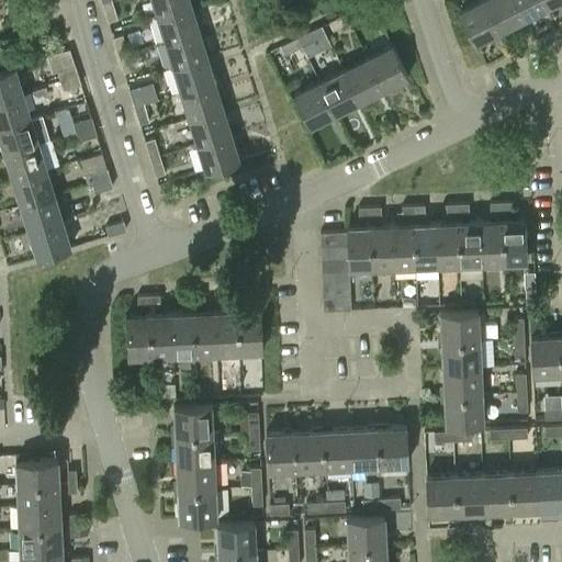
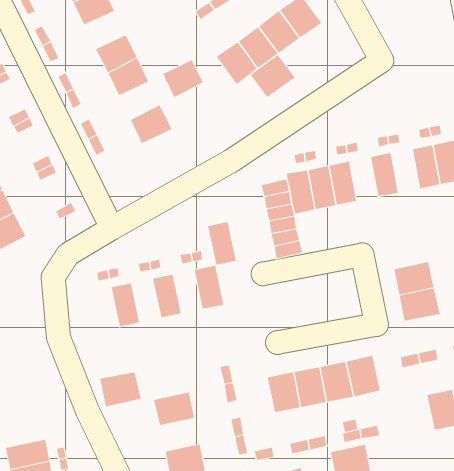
building: [166,35,207,71] -> none
building: none -> [250,54,295,98]
building: [190,113,231,149] -> [162,59,203,98]
building: [459,225,482,268] -> none
building: [415,226,438,269] -> none
building: [216,313,240,356] -> [207,221,236,265]
building: [441,314,480,345] -> none
building: [172,315,196,358] -> none
building: [127,317,153,360] -> none
building: [445,398,484,428] -> none
building: [175,408,214,439] -> [100,372,141,407]
building: [267,435,297,474] -> none
building: [178,464,216,494] -> none
building: [427,479,458,517] -> none

